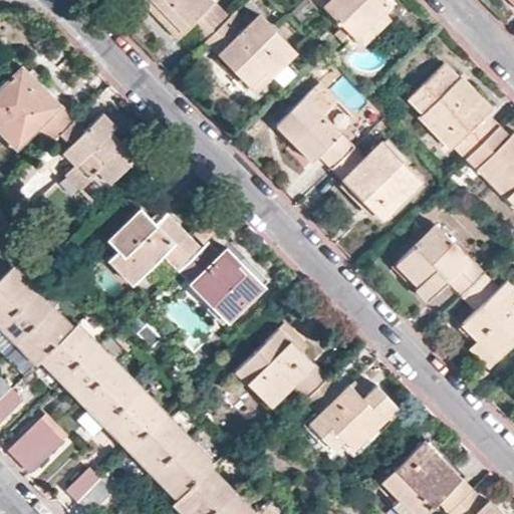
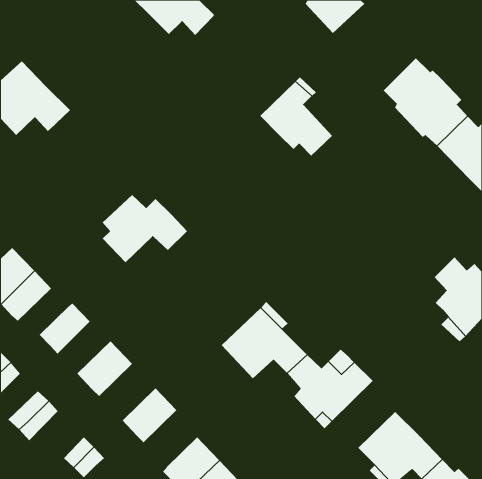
building: [207,17,294,91] -> none
building: [53,114,141,190] -> none
building: [331,144,421,221] -> none
building: [396,226,484,303] -> none
building: [179,242,263,321] -> none
building: [19,310,73,364] -> none
building: [61,345,117,401] -> none
building: [105,391,166,451] -> none
building: [153,440,213,500] -> none

